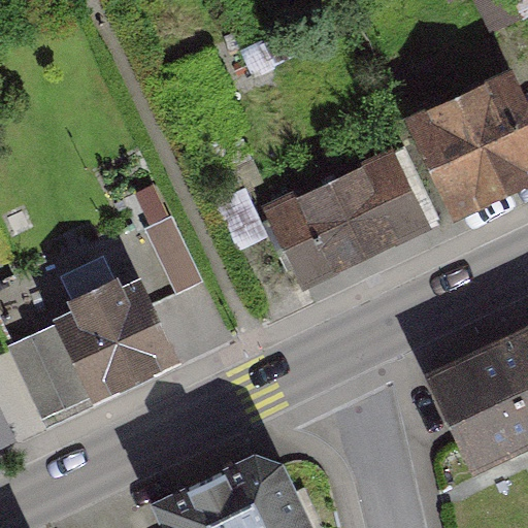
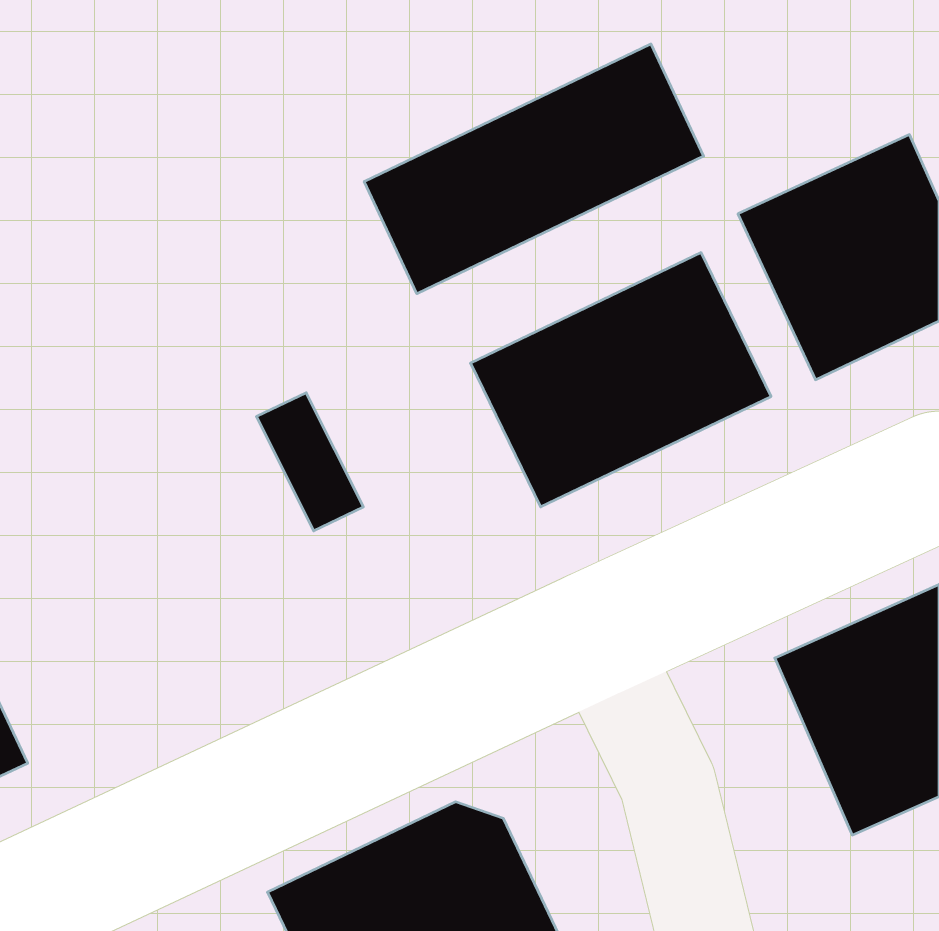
building: none -> [364,44,704,294]
building: [6,269,179,422] -> none

